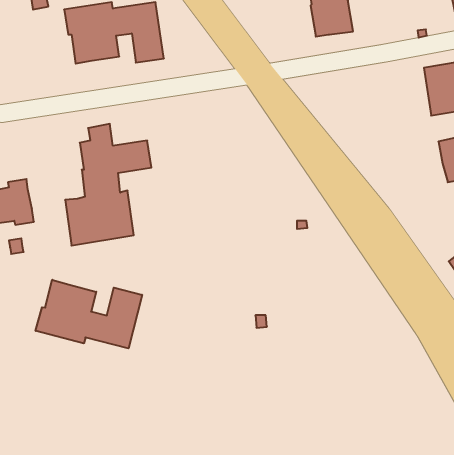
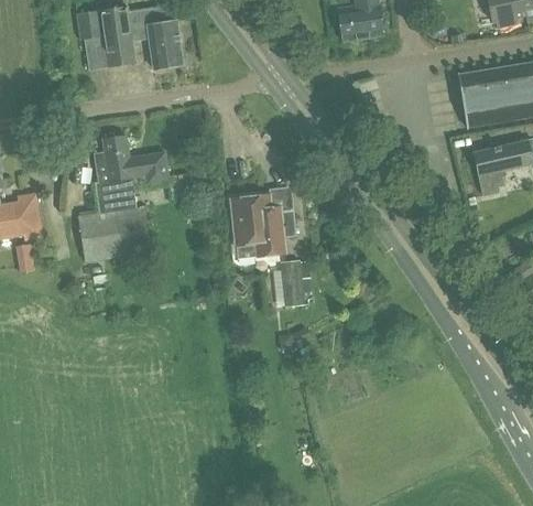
building: none -> [231,193,296,258]
building: none -> [281,259,312,305]
building: [36,280,142,348] -> none

